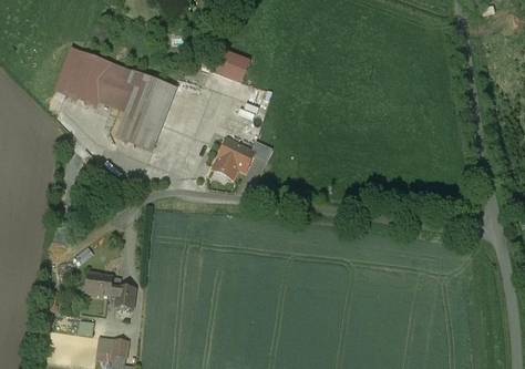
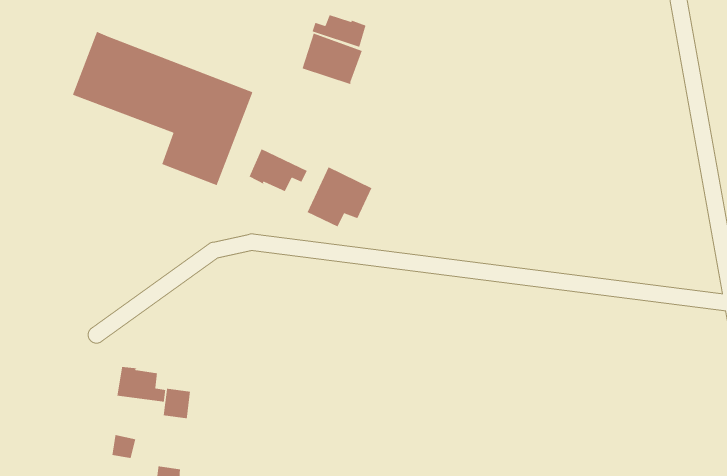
building: none -> [311,14,366,48]
building: none -> [249,148,308,192]

